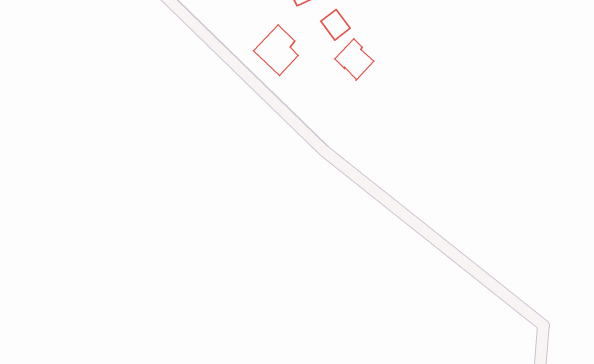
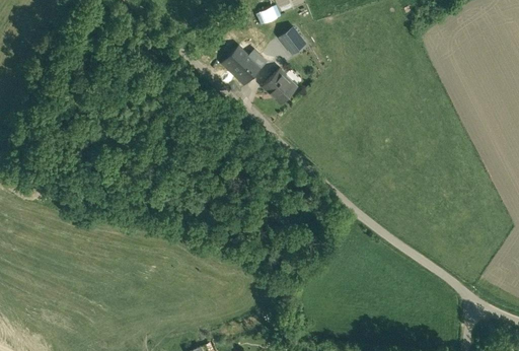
building: [335,39,374,80] -> [263,70,296,106]

